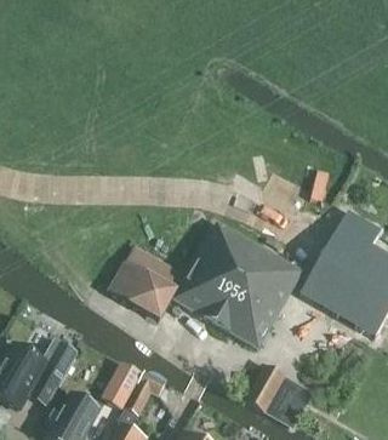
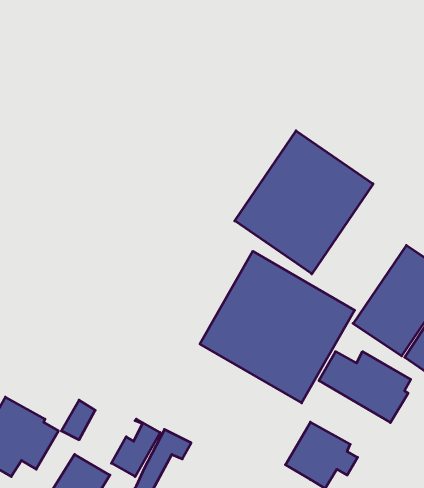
building: none -> [235,131,373,274]
building: [109,244,187,320] -> none
building: none -> [319,352,411,423]

